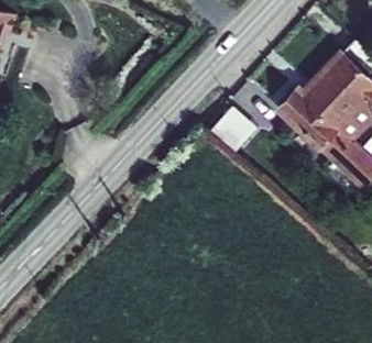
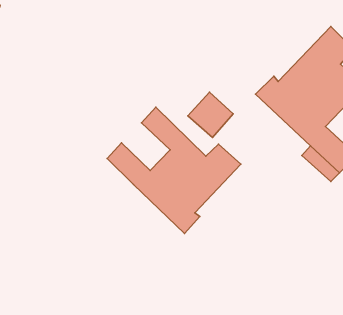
building: none -> [107,107,241,233]

